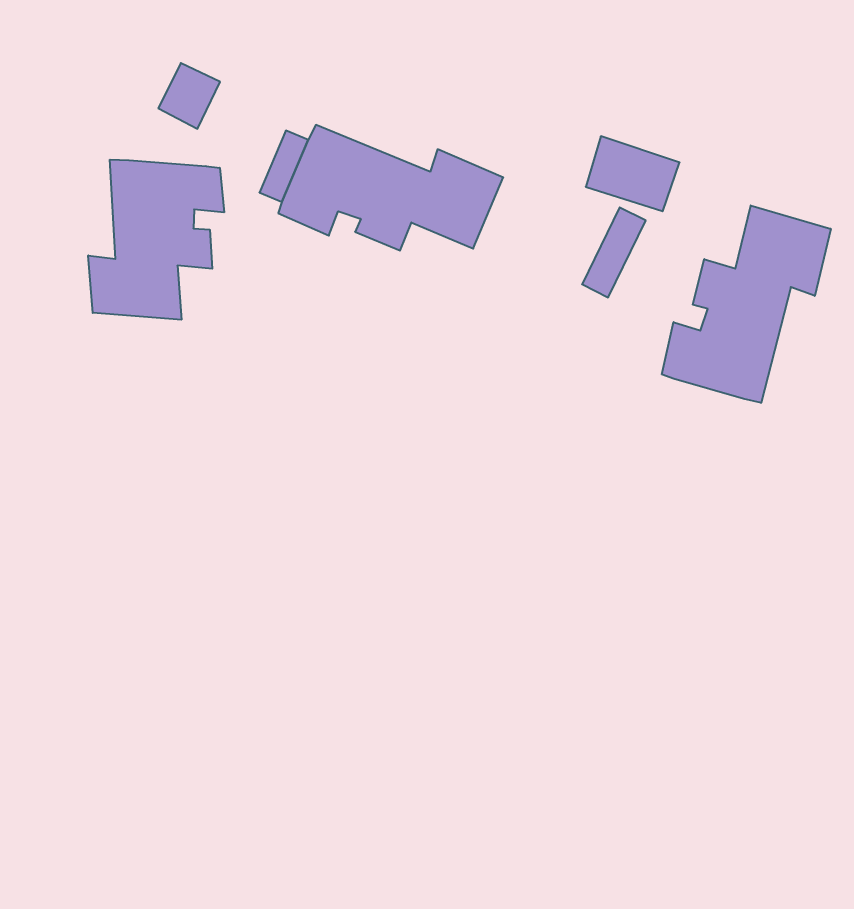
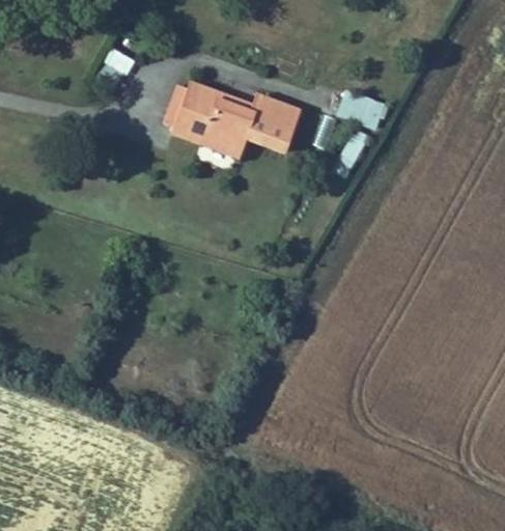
building: [88,160,224,320] -> none
building: [662,205,831,403] -> none

